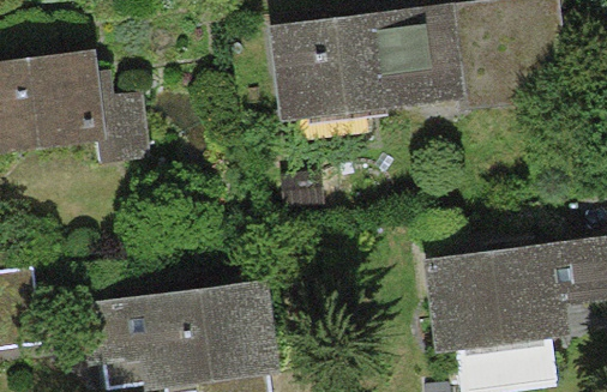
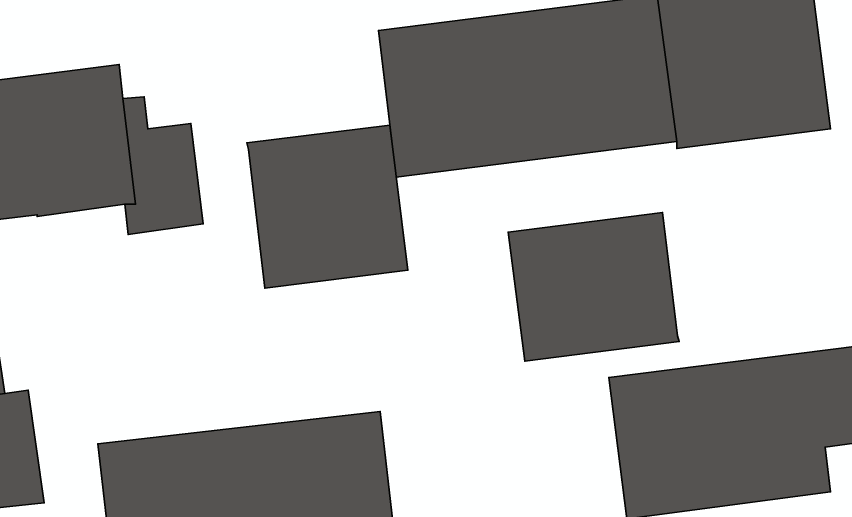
building: none -> [247,125,408,288]
building: none -> [508,213,679,361]

